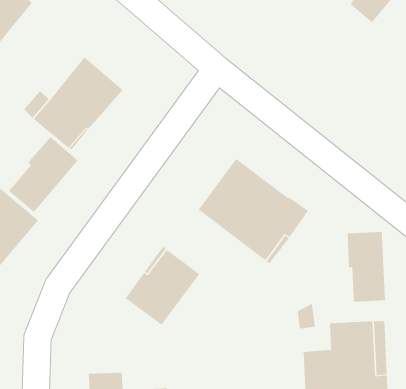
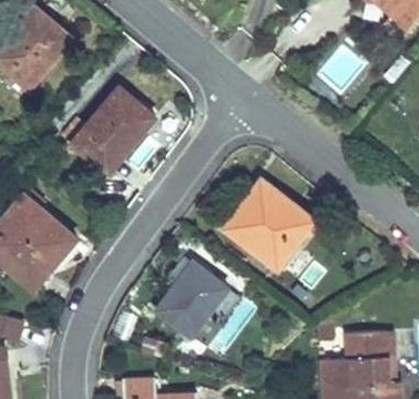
building: [8,136,79,213] -> none
building: [347,231,385,302] -> none

